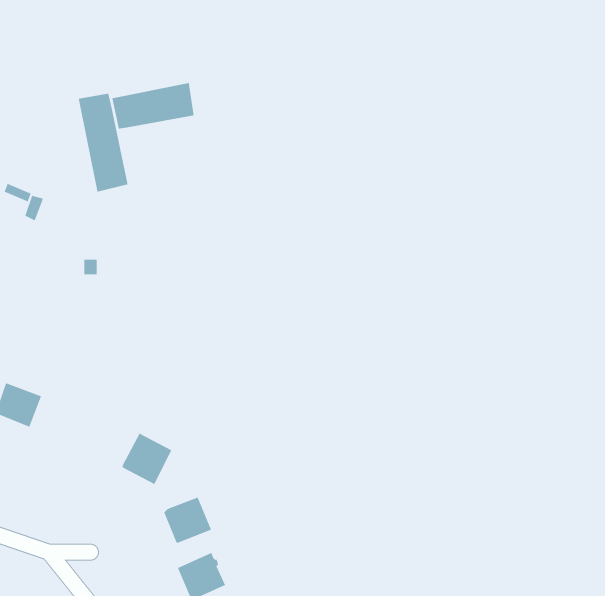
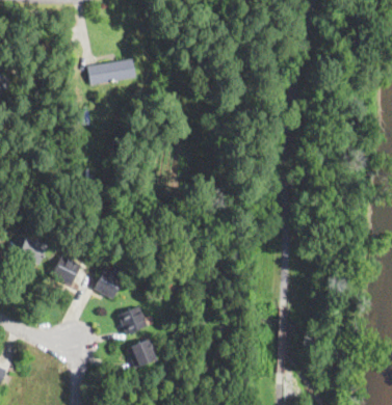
building: [78,93,128,193] -> none
building: none -> [51,254,81,286]

